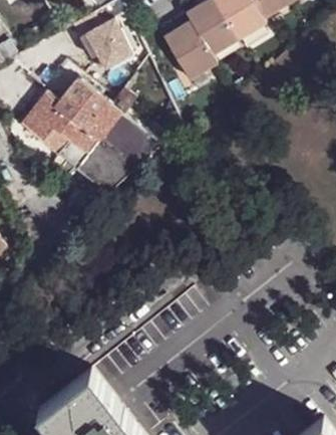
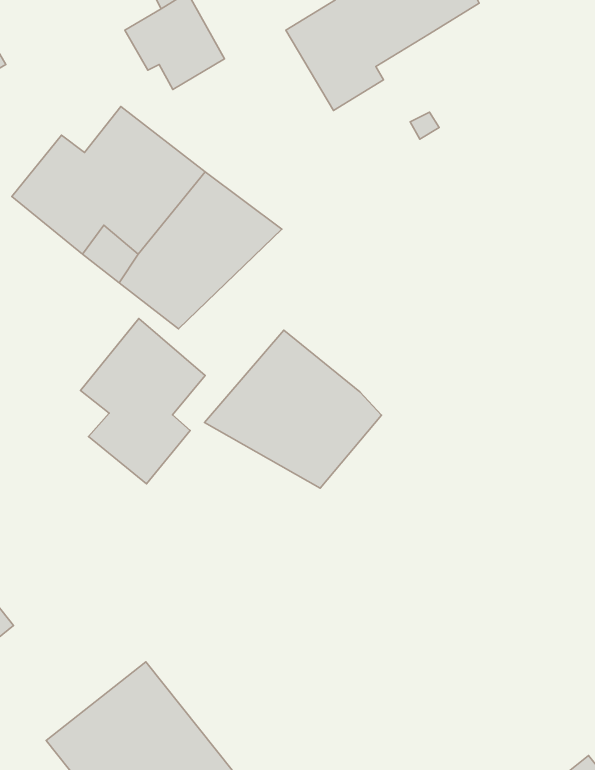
building: none -> [80,319,205,484]
building: none -> [204,330,382,488]

